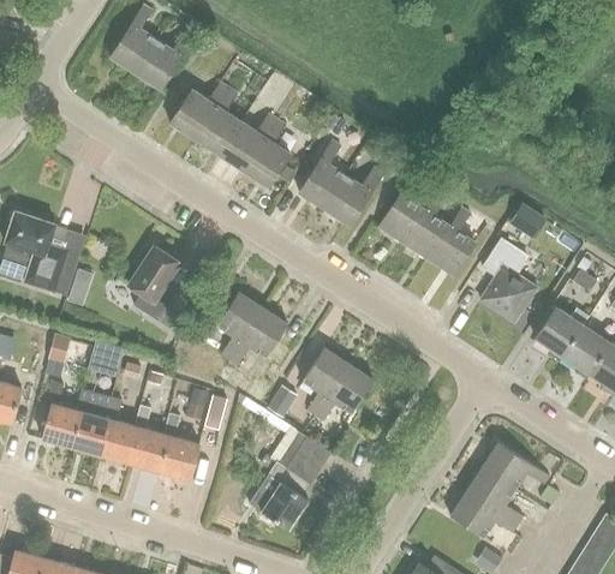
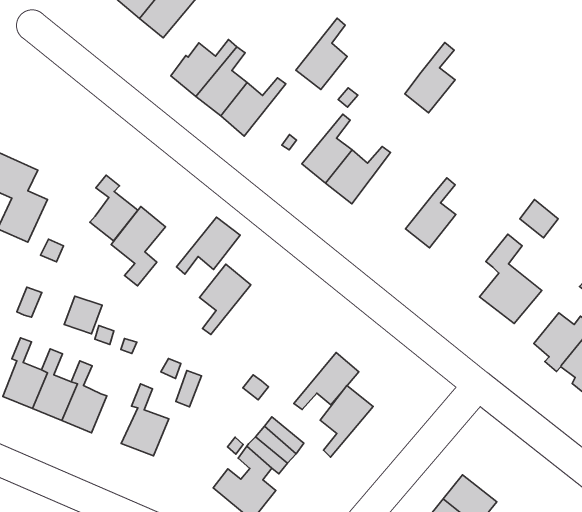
building: [244,119,291,187] -> [296,18,347,90]
building: [380,175,425,243] -> [405,43,455,113]
building: [428,207,474,275] -> none
building: none -> [90,175,138,241]
building: [232,310,288,366] -> [177,217,240,274]
building: [303,348,351,417] -> [320,386,373,457]
building: [130,406,171,471] -> none
building: [480,441,549,489] -> none

